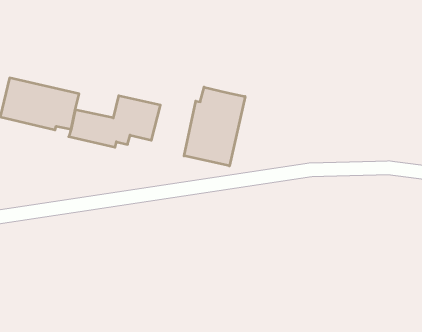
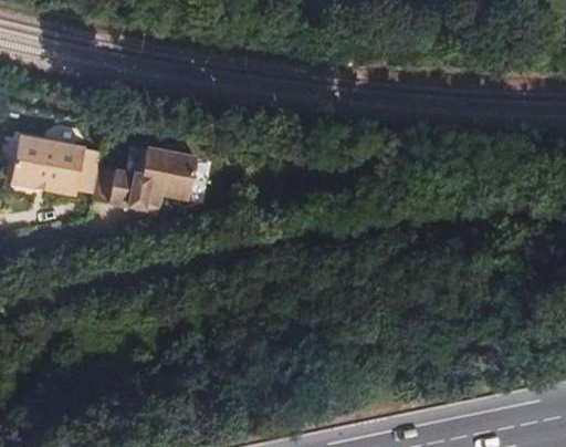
building: [184,87,245,166] -> none

